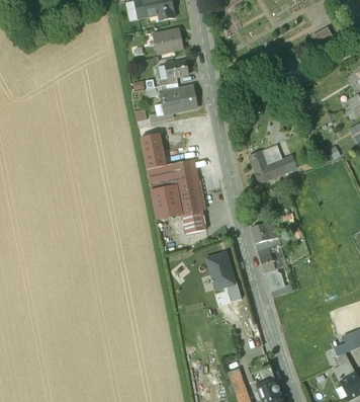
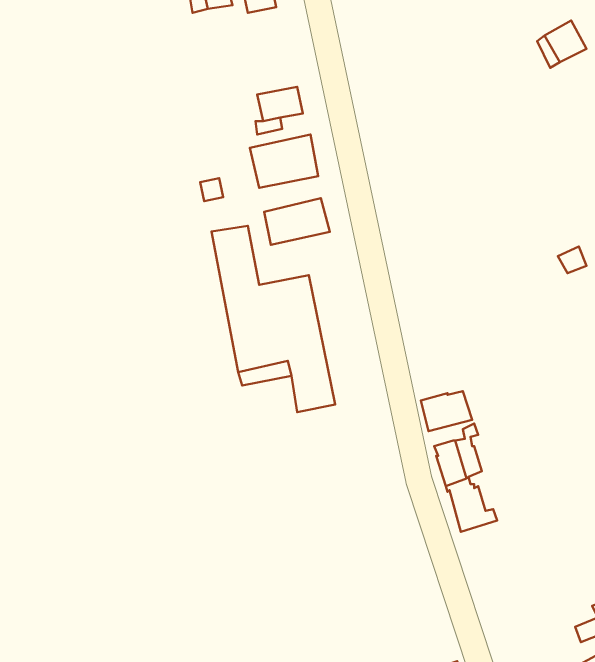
building: [153,27,183,51] -> none
building: none -> [264,198,330,245]
building: [249,151,296,182] -> none
building: [206,251,241,301] -> none

